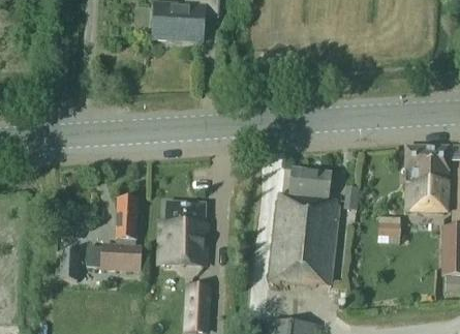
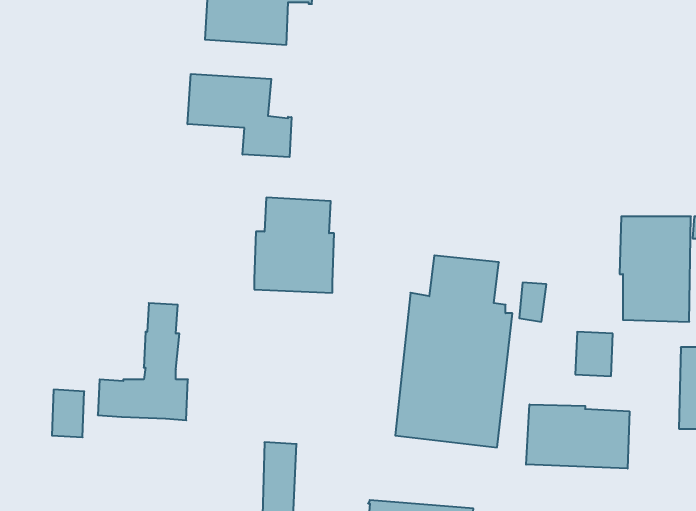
building: none -> [188,74,291,157]
building: [159,201,208,259] -> [254,198,334,293]
building: none -> [526,404,629,469]

